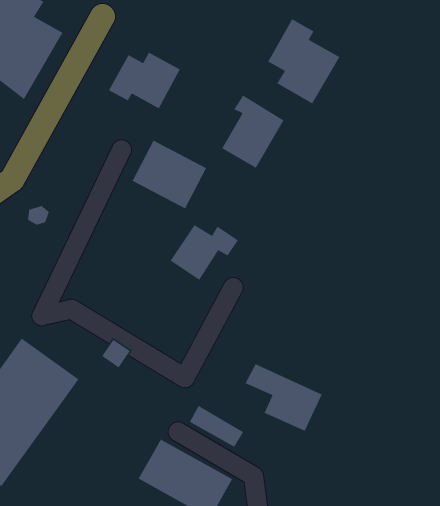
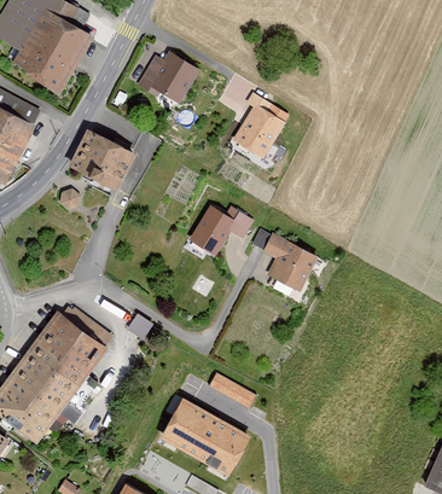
building: [267,18,340,104] -> none
building: [132,139,207,209] -> [69,128,136,191]
building: [245,363,323,432] -> [250,229,320,291]

